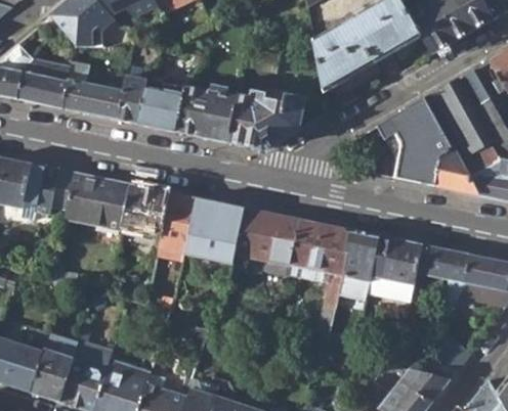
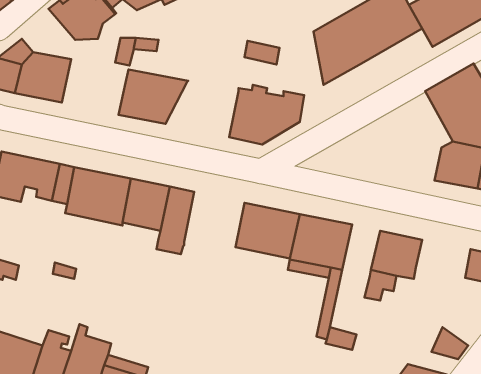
building: [62,62,126,121] -> none
building: [166,86,239,143] -> none
building: [379,97,453,186] -> none
building: [183,197,245,267] -> none
building: [342,230,380,281] -> none
building: [416,245,470,299] -> none

